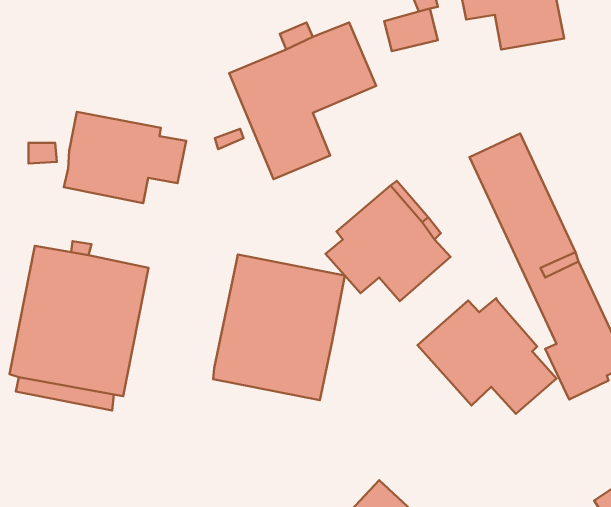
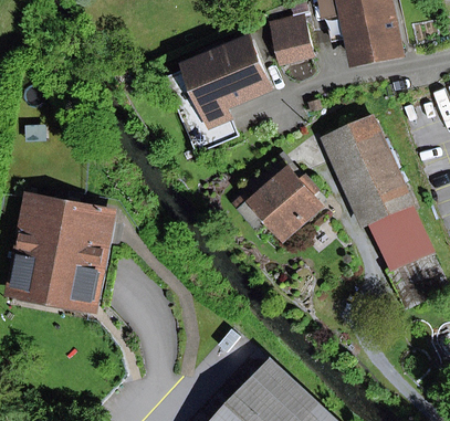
building: [64,112,186,203] -> none
building: [213,254,345,400] -> none
building: [418,298,556,414] -> none

